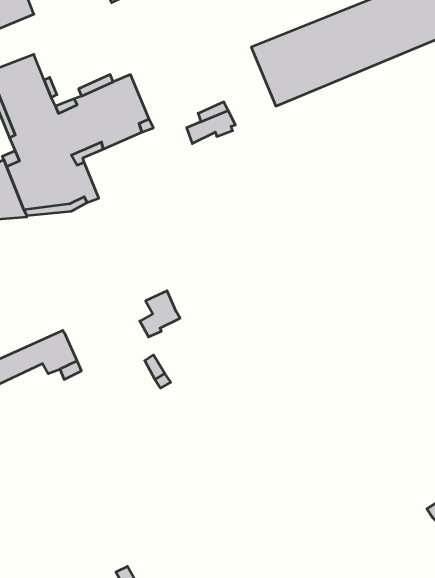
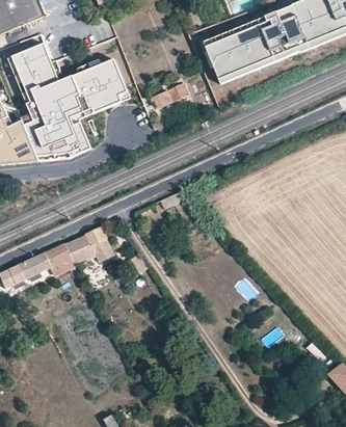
building: [140,291,180,337] -> [79,226,108,260]

